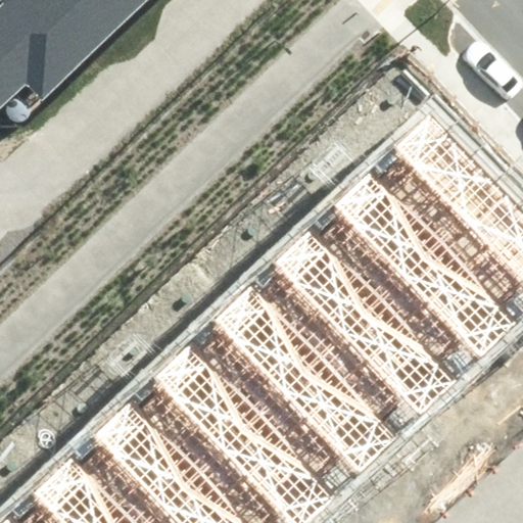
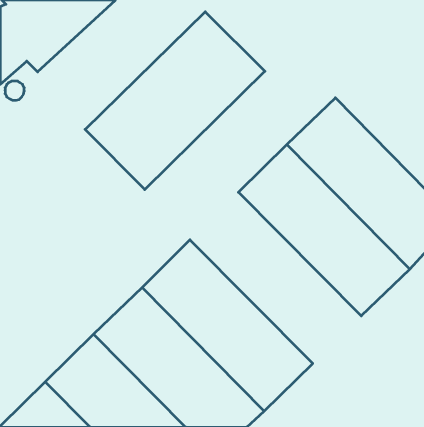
building: none -> [85,12,265,190]
building: [236,235,445,444] -> none

